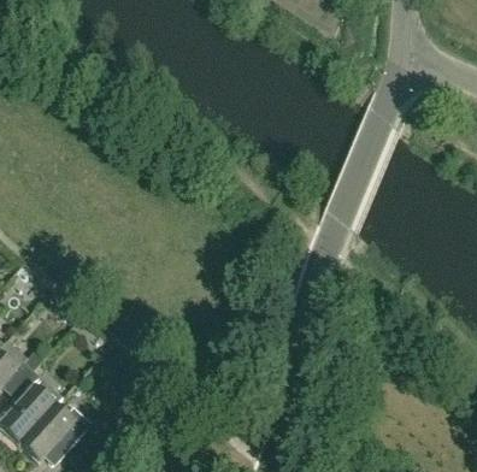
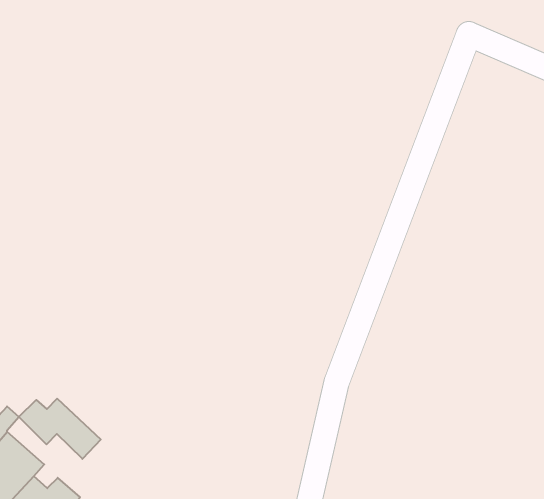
building: none -> [19,399,101,459]

